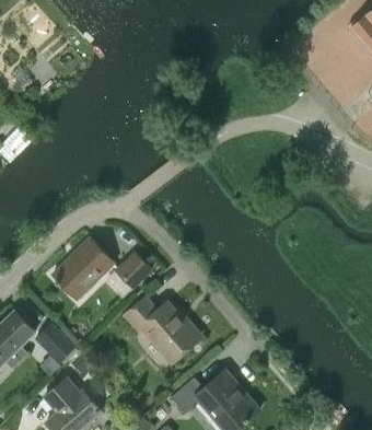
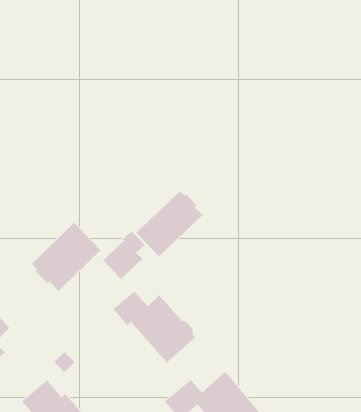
building: none -> [135,191,203,257]
building: [35,323,74,363] -> none

